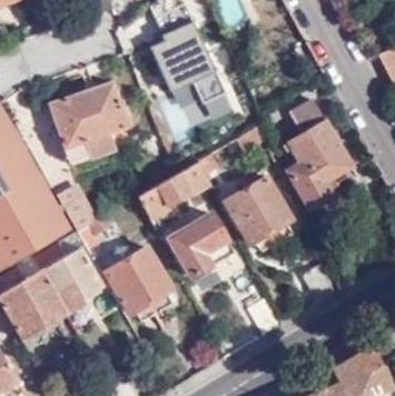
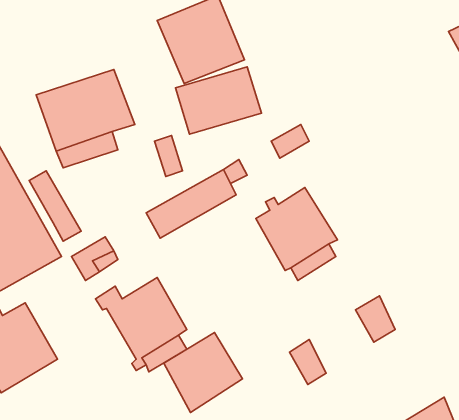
building: [285,96,348,208] -> none
building: [170,215,233,278] -> [164,332,243,413]
building: [41,246,101,313] -> none

